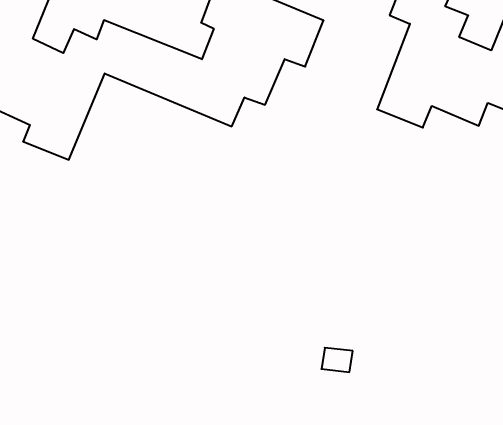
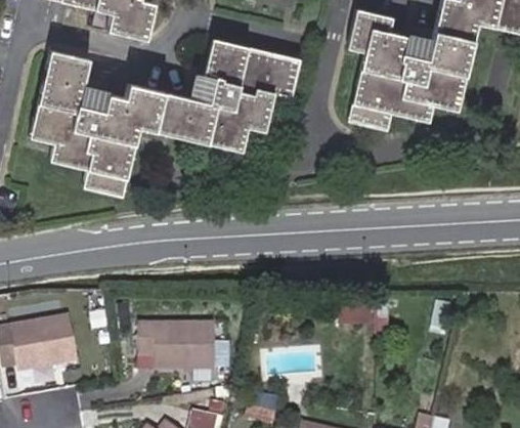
building: none -> [138,323,215,368]

